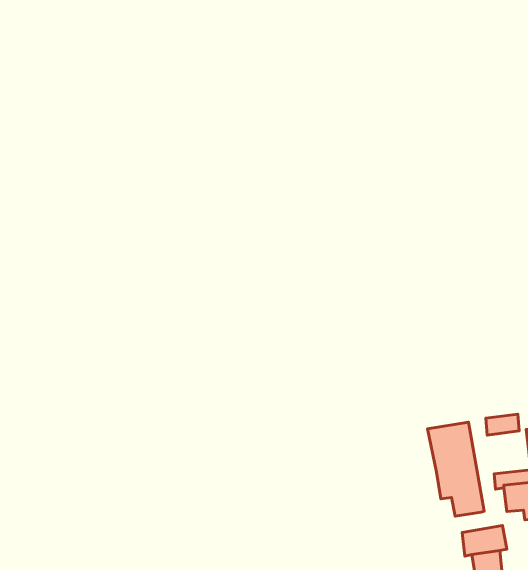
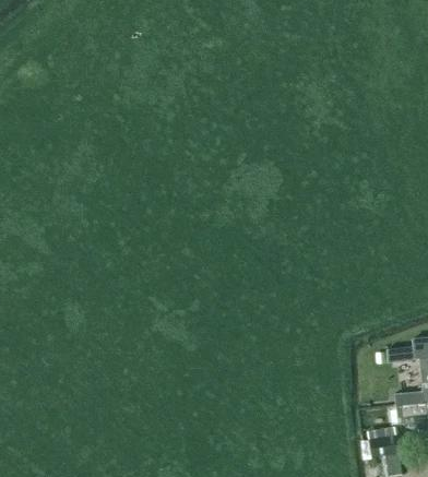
building: [428,422,484,516] -> none

